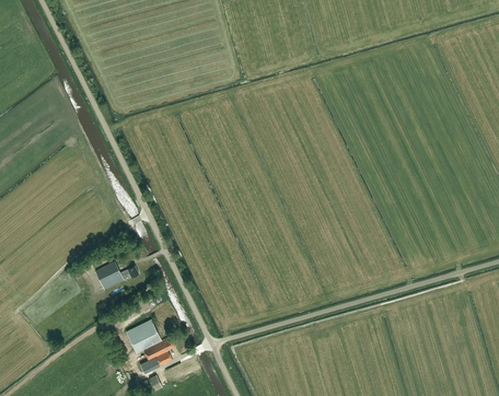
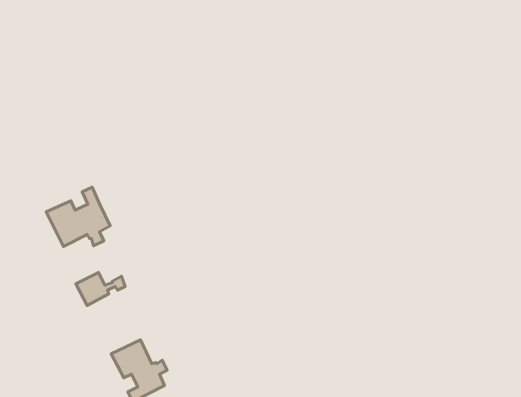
building: none -> [46,187,110,247]

